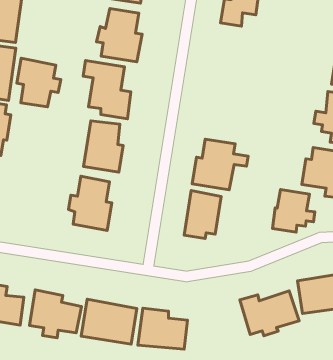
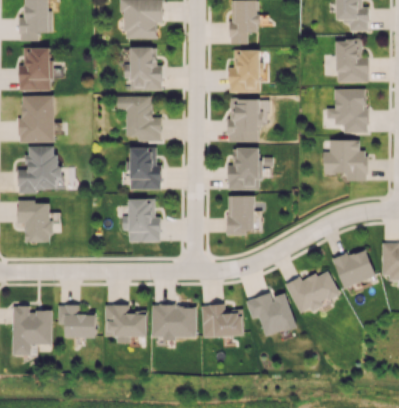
building: none -> [229,50,261,92]
building: [17,58,61,107] -> none
building: none -> [229,99,266,142]
building: [273,189,315,232] -> none
building: none -> [246,293,296,336]

